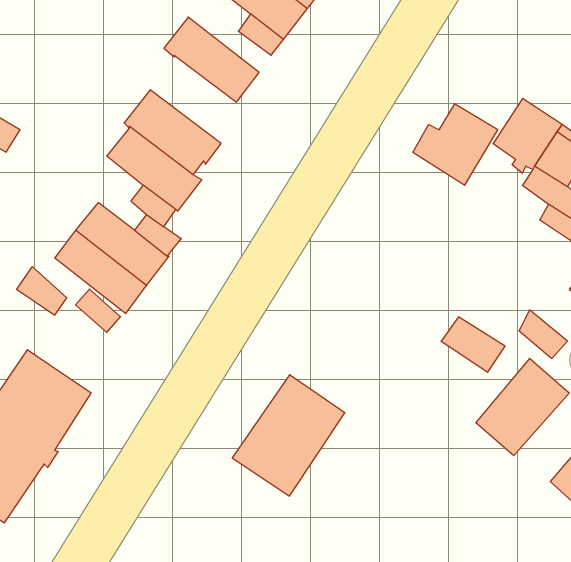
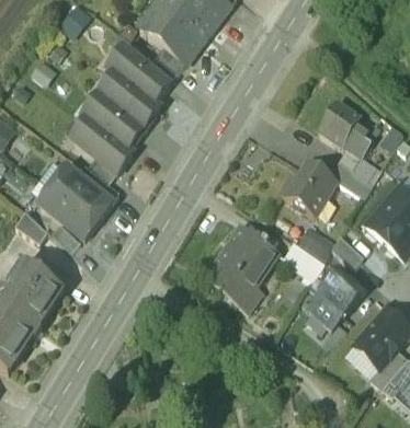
building: none -> [100,73,160,129]
building: [413,104,498,185] -> [281,161,334,212]
building: none -> [295,222,335,257]
building: [232,375,345,496] -> [204,225,275,302]

